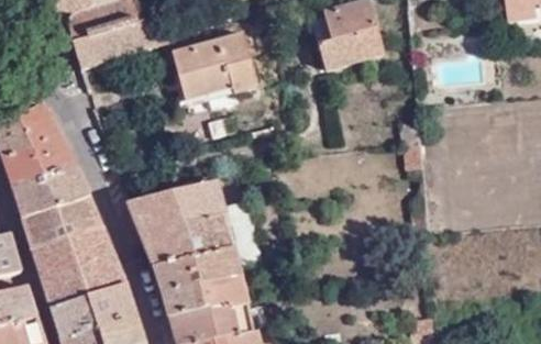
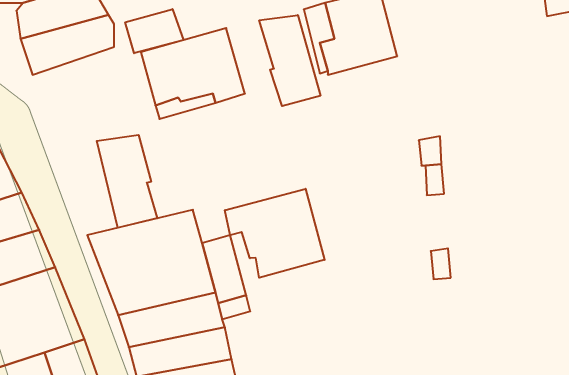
building: none -> [125,9,183,53]
building: none -> [259,15,320,106]
building: none -> [97,135,157,228]
building: none -> [225,189,325,278]

